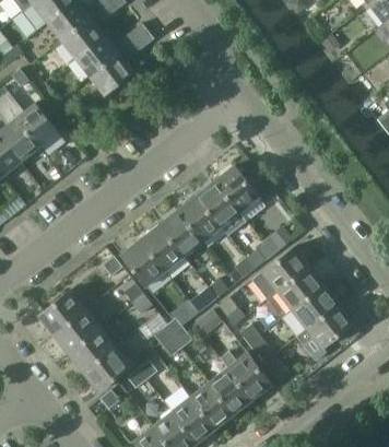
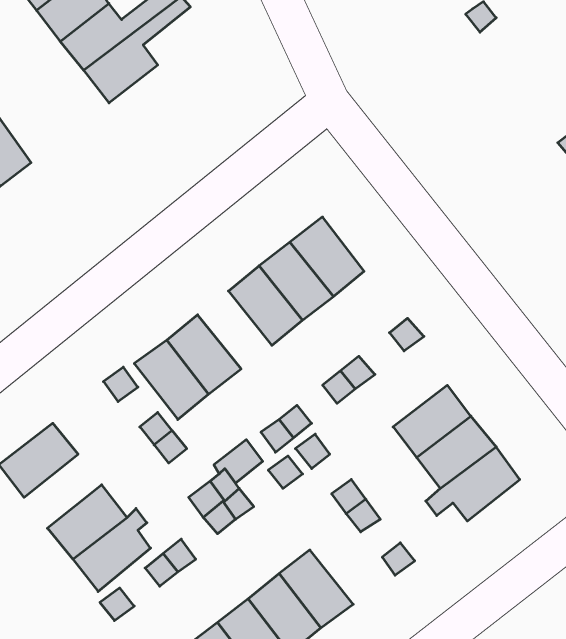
building: [158,211,203,258] -> none
building: [251,248,309,301] -> none
building: [54,309,101,354] -> none
building: [220,352,271,400] -> none

